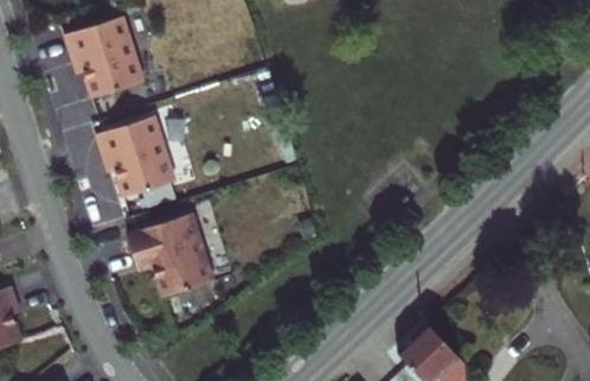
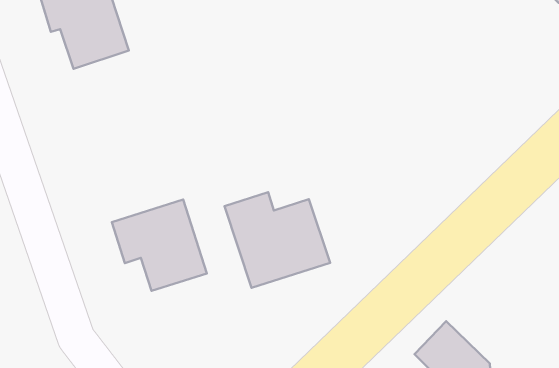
building: [90,116,171,197] -> none
building: none -> [225,192,330,288]

